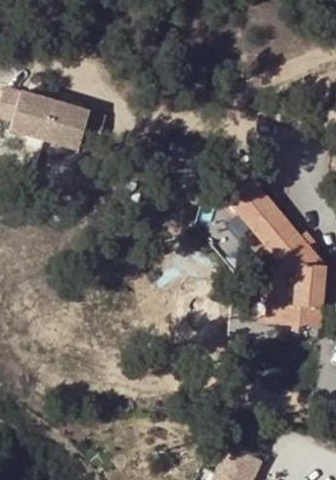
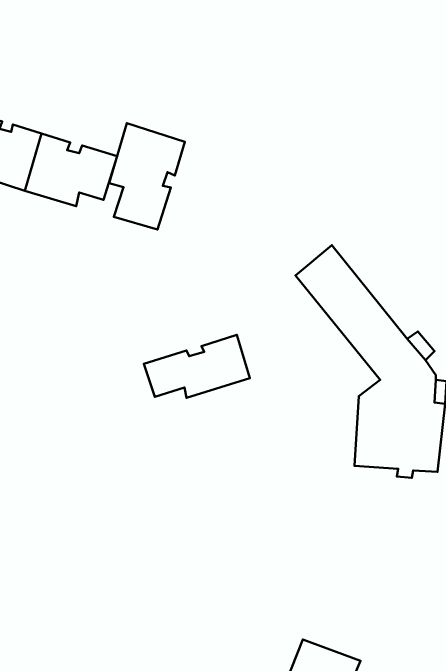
building: none -> [109,123,185,229]
building: none -> [144,335,250,398]

